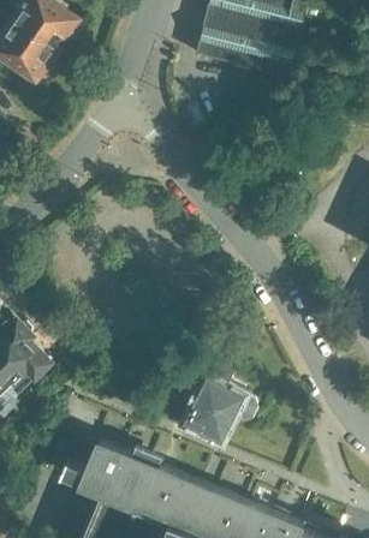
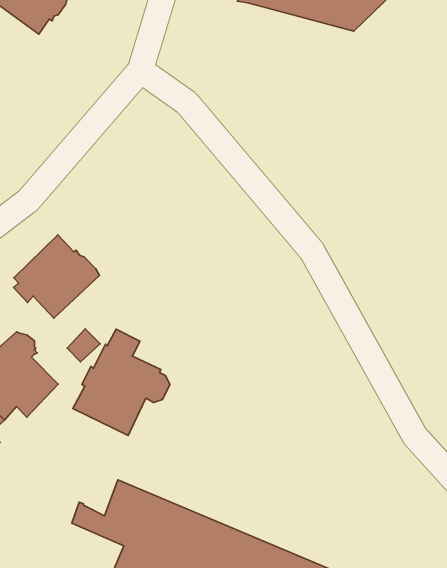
building: none -> [14,235,99,318]
building: [179,360,257,446] -> [73,329,170,435]

